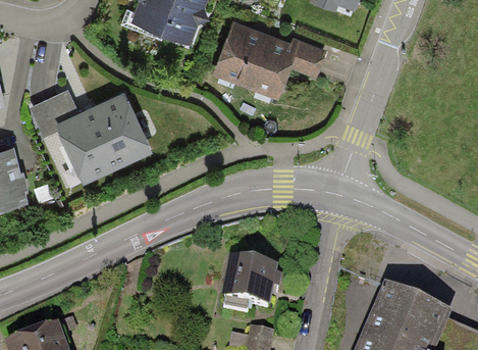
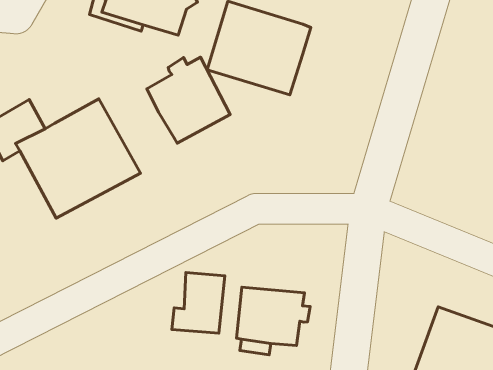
building: [289,38,327,79] -> none
building: none -> [147,57,230,143]
building: none -> [172,273,225,333]

